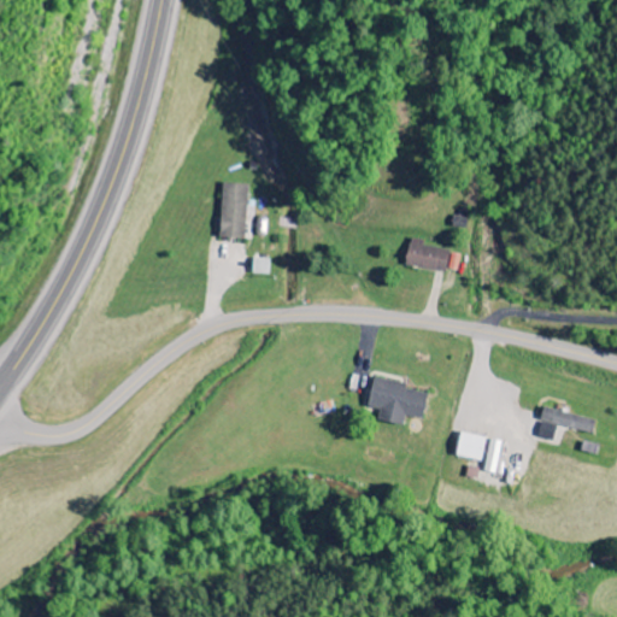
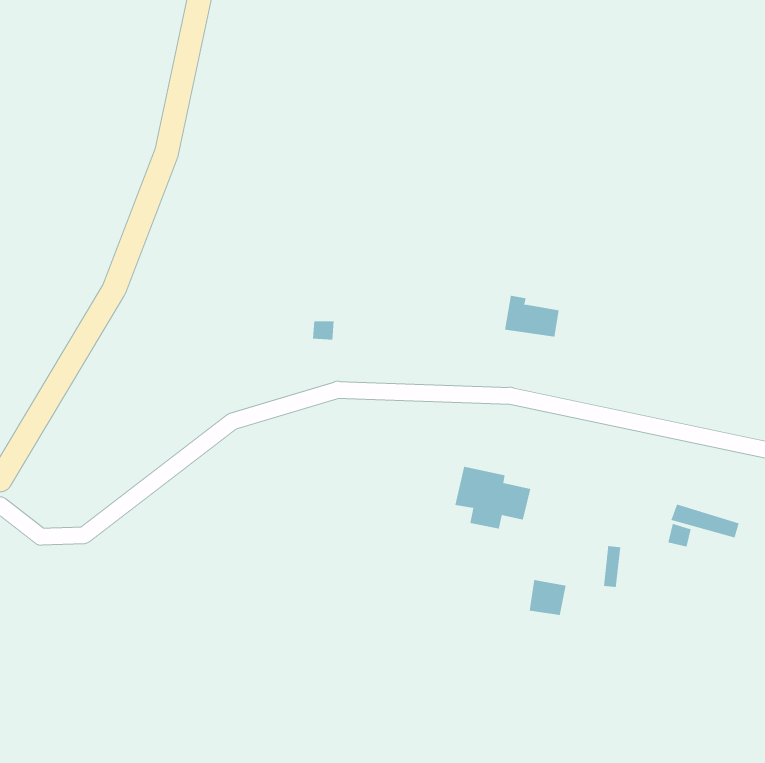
building: [221,182,247,237] -> none
building: [456,431,486,460] -> [529,579,566,615]

